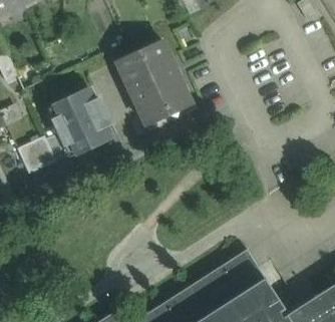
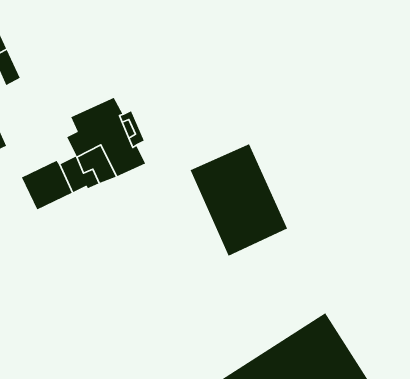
building: [117,41,192,126] -> [189,143,288,257]

